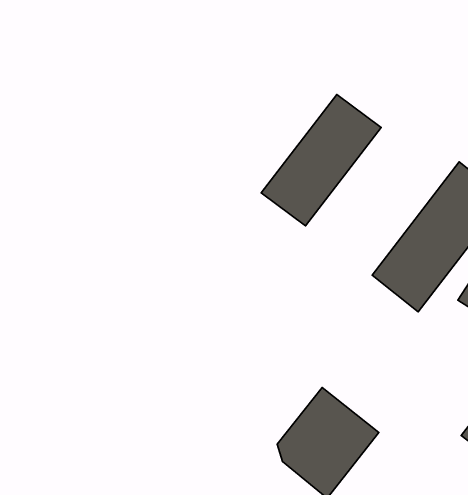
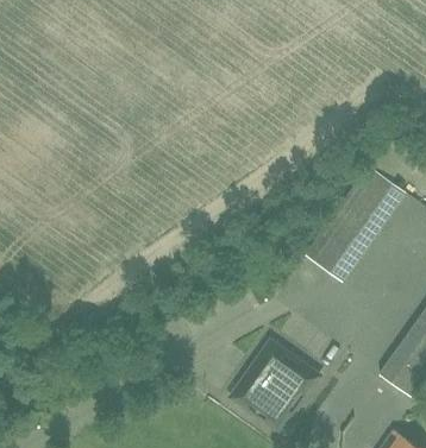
building: [261,94,381,226] -> none

